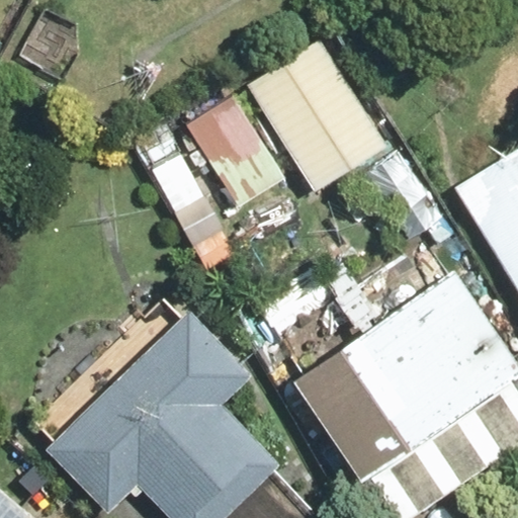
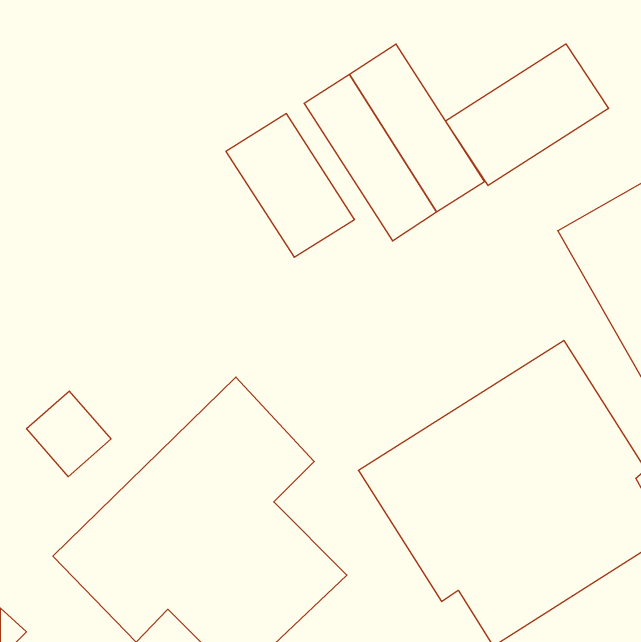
building: none -> [445,44,609,186]

